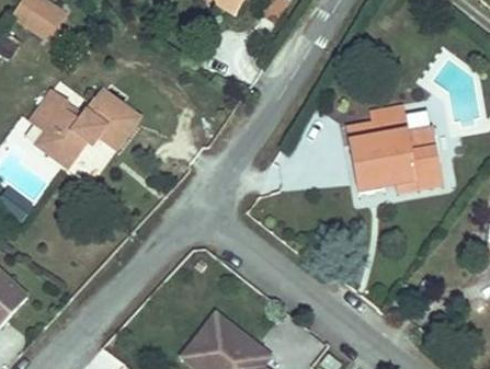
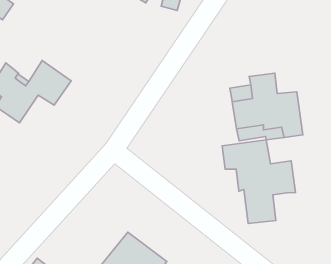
building: none -> [222,140,296,224]

